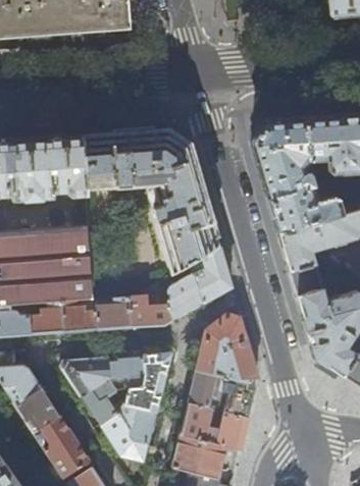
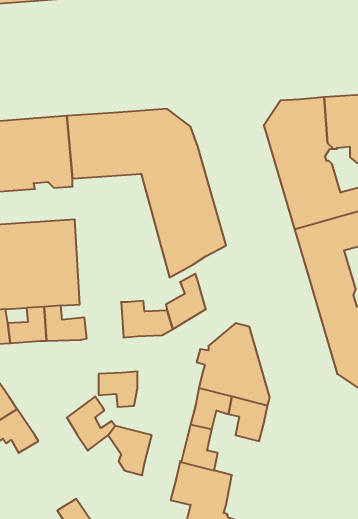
building: [196,248,232,303] -> none
building: [97,296,132,328] -> none
building: [114,356,169,412] -> none
building: [62,359,110,396] -> none
building: [101,412,148,463] -> none
building: [210,412,249,450] -> none
building: [31,417,88,478] -> none

